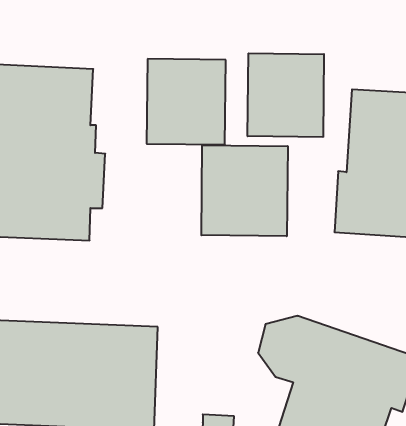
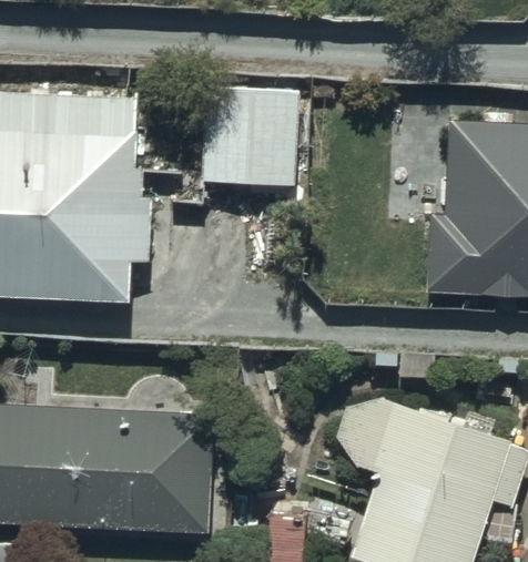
building: [248,53,324,137] -> none
building: [201,145,288,236] -> none

